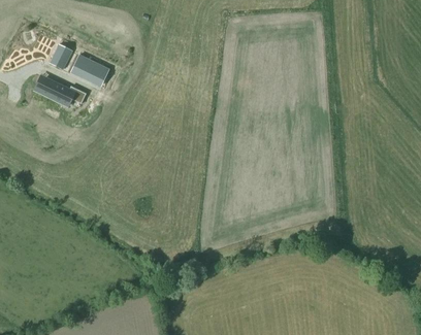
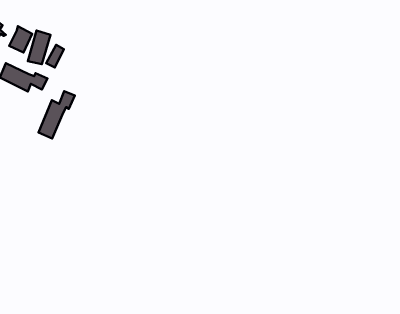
building: none -> [39,91,75,138]

